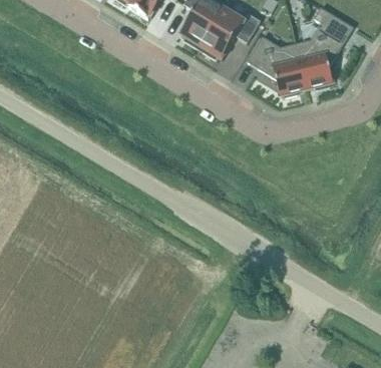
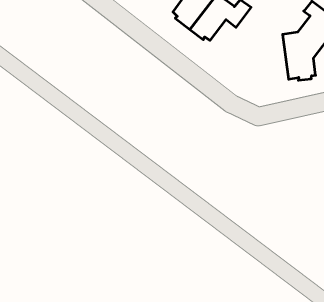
building: [247,35,305,96] -> none

